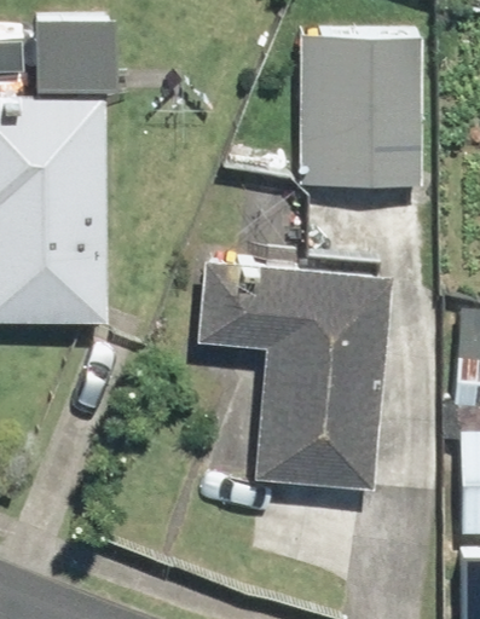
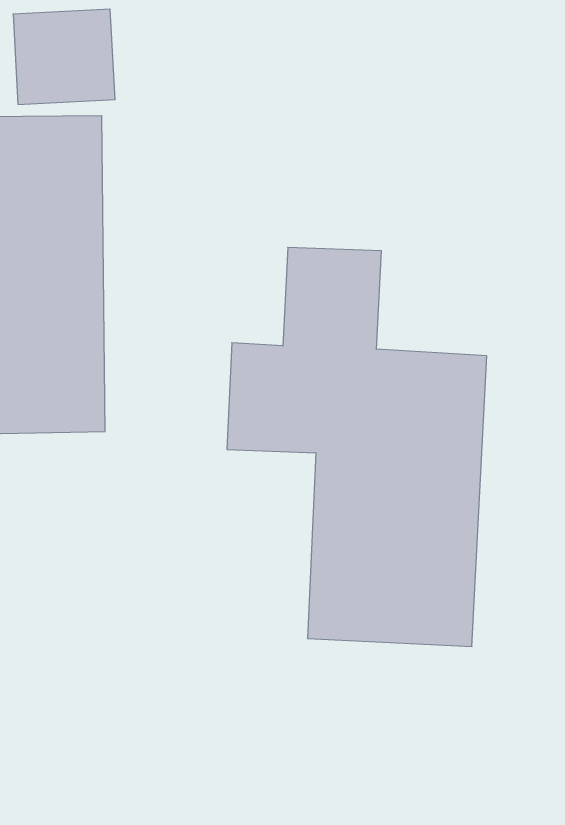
building: [299,40,426,186] -> none

